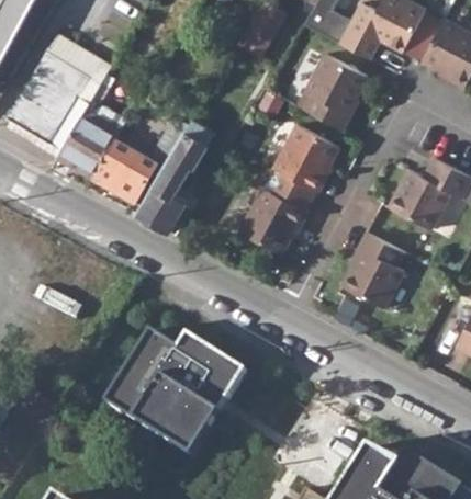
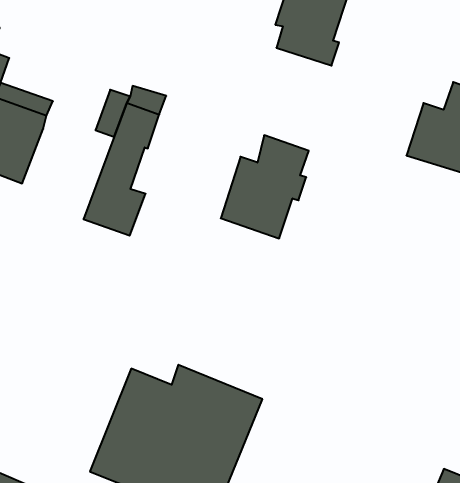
building: [273,123,339,192] -> none
building: [93,138,157,201] -> none
building: [340,231,404,309] -> none

